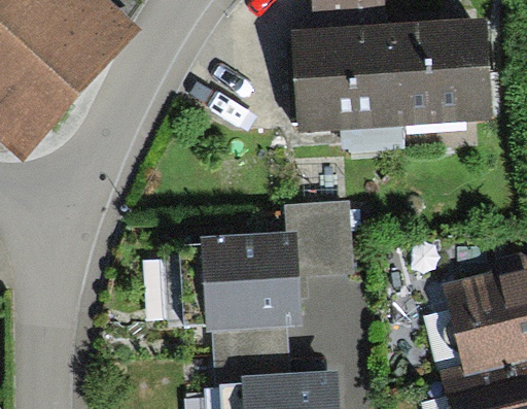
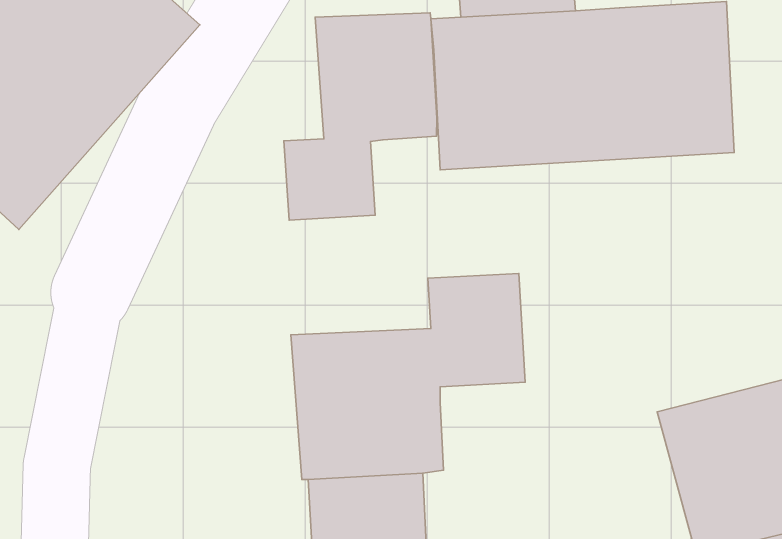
building: none -> [284,13,437,220]

